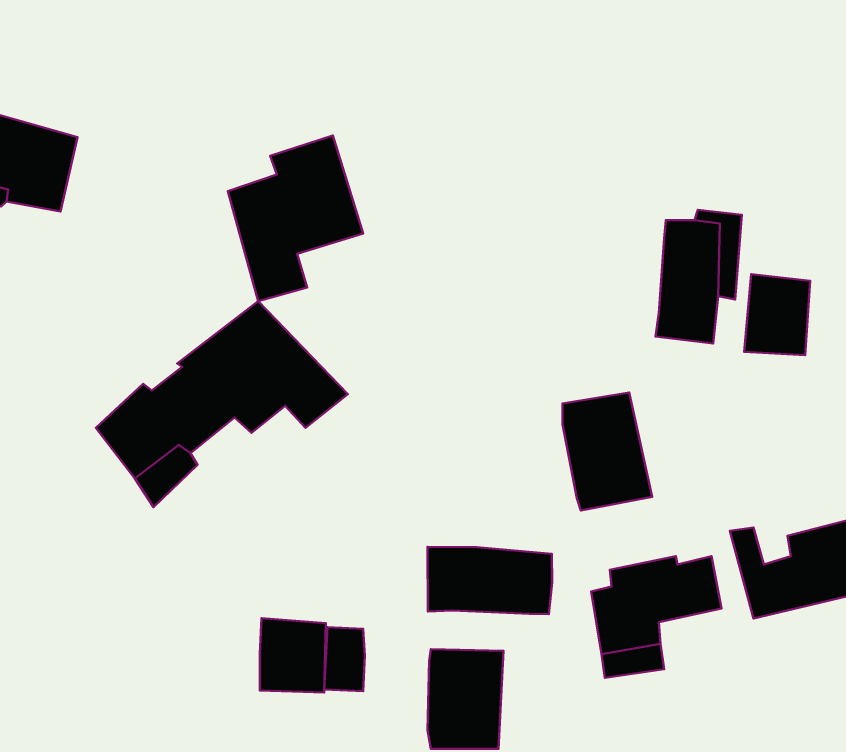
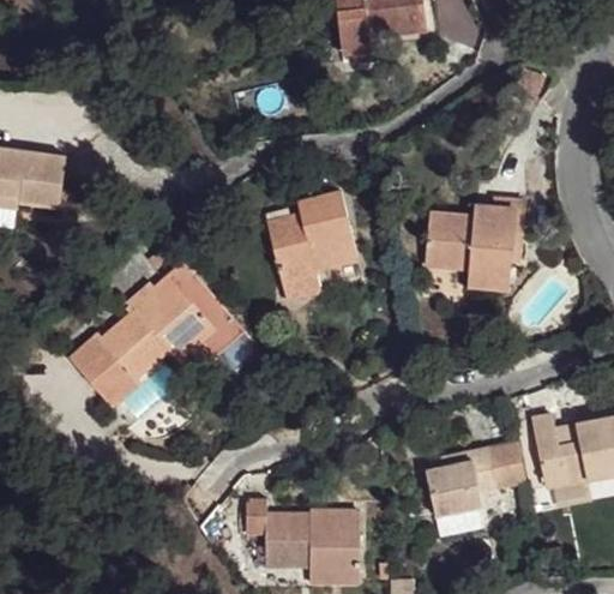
building: [228,136,363,301] -> [270,184,366,301]
building: [744,274,810,355] -> [428,215,475,272]
building: [563,392,652,511] -> none
building: [428,547,552,614] -> none
building: [260,618,326,692] -> [261,516,308,569]

